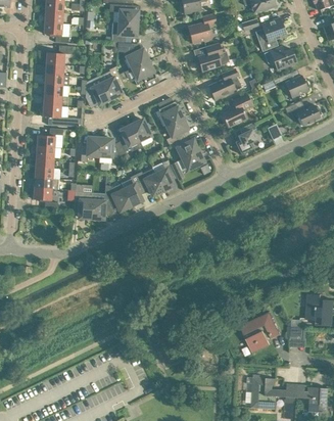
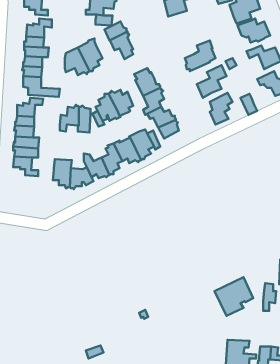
building: [197,43,229,72] -> none

